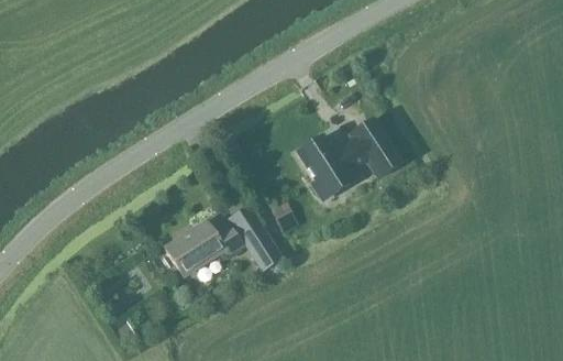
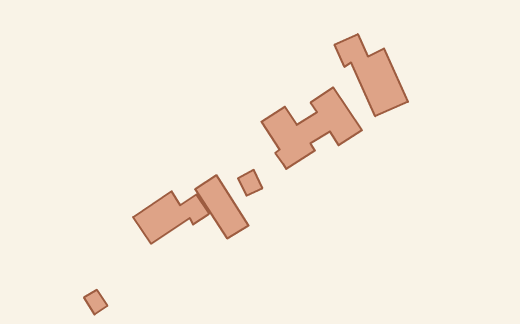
building: none -> [335,34,408,116]

